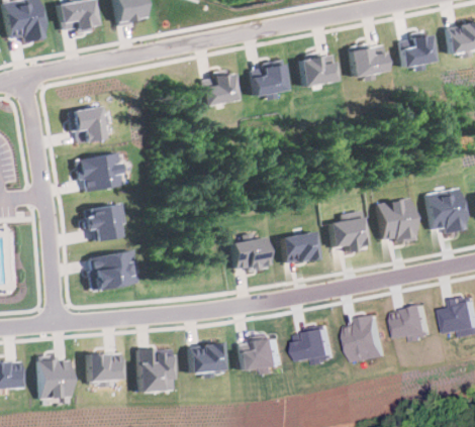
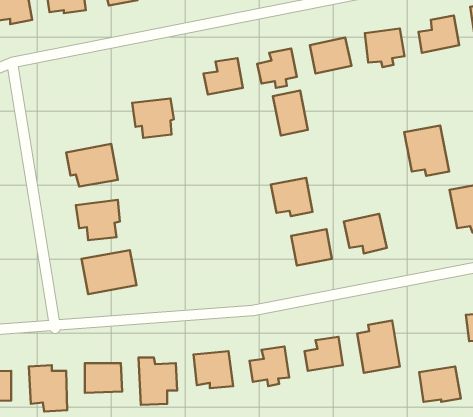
building: none -> [273,91,308,135]
building: [65,106,103,142] -> [132,98,174,138]
building: [377,197,418,243] -> [404,125,449,176]
building: [230,236,269,272] -> [271,178,313,216]
building: [390,306,429,338] -> [419,367,461,402]

